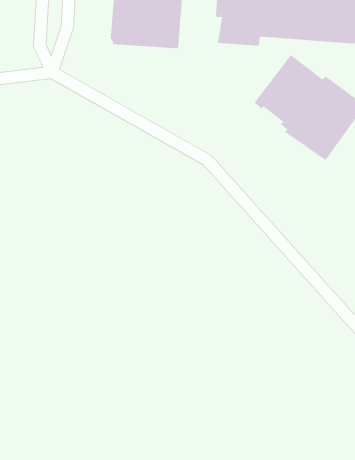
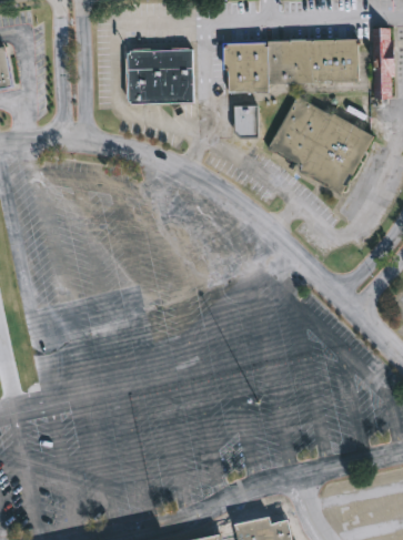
building: none -> [234,106,259,136]

